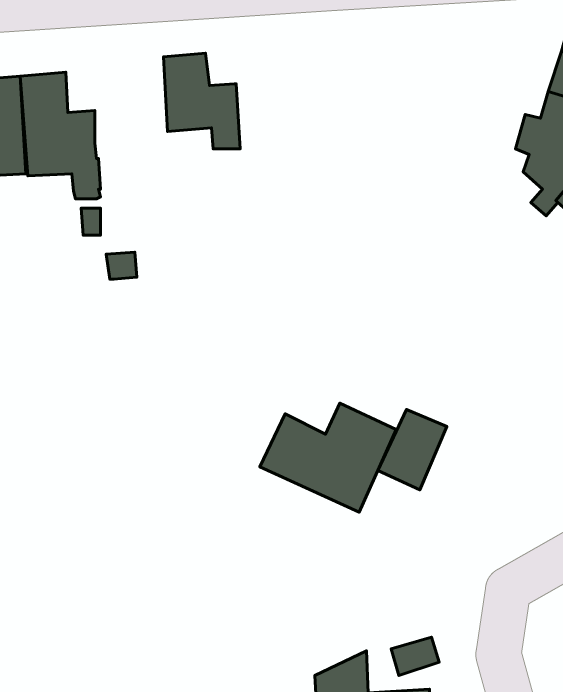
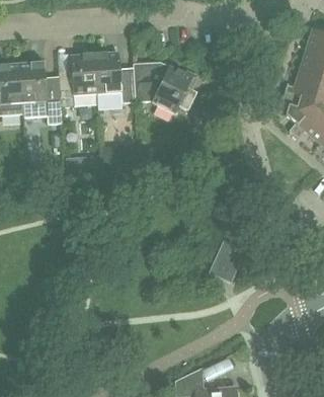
building: none -> [59,53,97,106]
building: none -> [133,62,197,112]
building: [260,403,396,512] -> none

